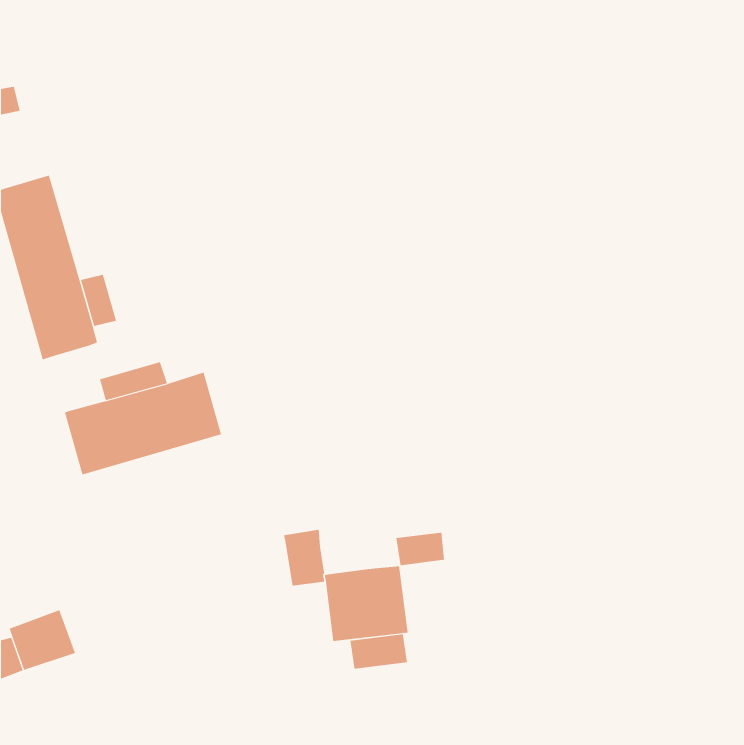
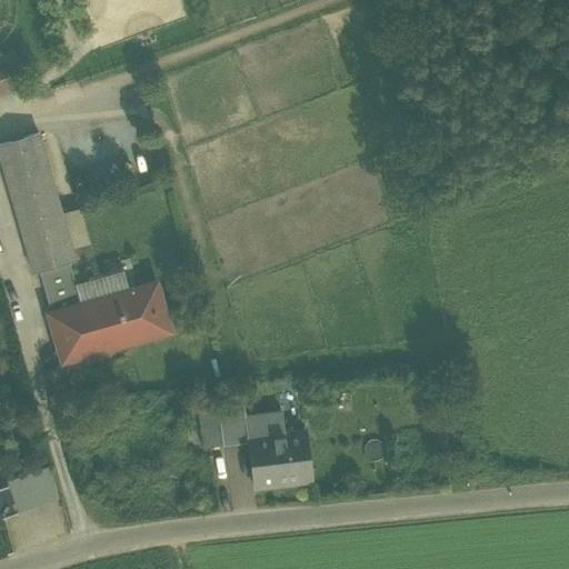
building: none -> [40,263,81,313]
building: [395,532,445,566] -> [246,412,283,438]
building: none -> [200,412,223,450]
building: [350,633,408,670] -> none

